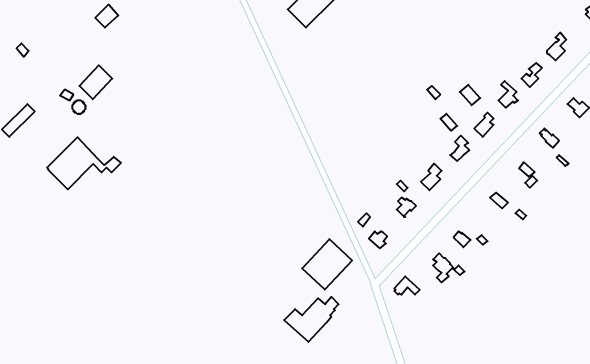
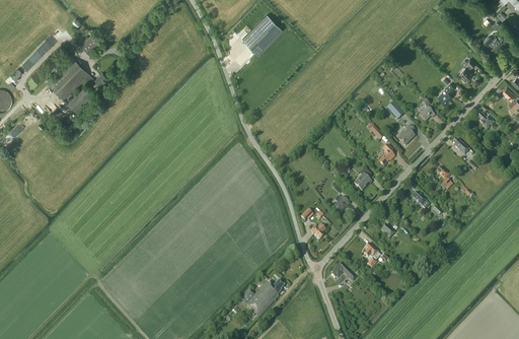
building: [47,137,121,189] -> [47,56,108,99]
building: [302,239,352,290] -> none

